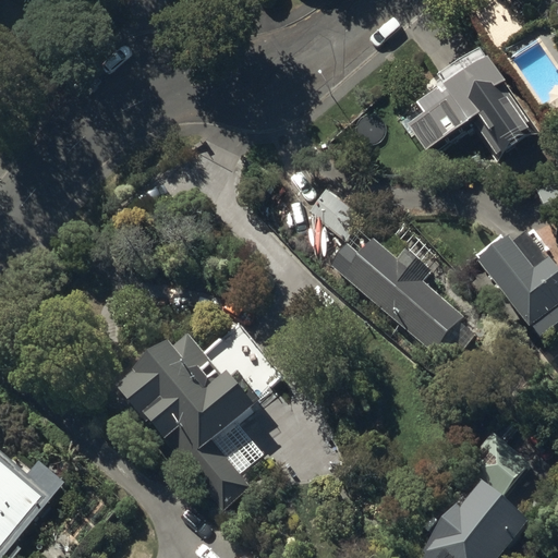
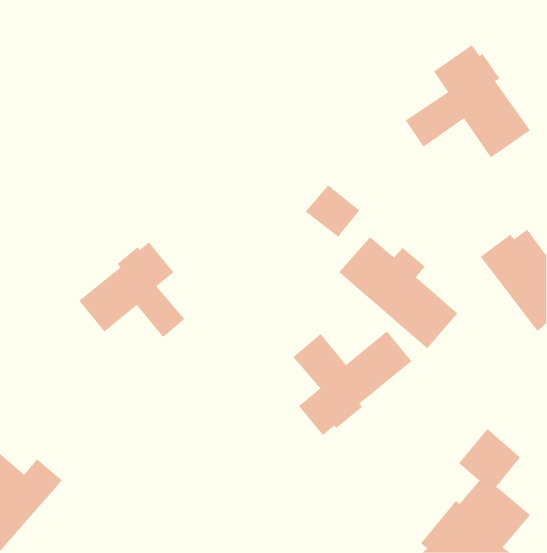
building: none -> [78,242,185,338]
building: [119,331,264,502] -> none
building: none -> [292,330,412,436]

